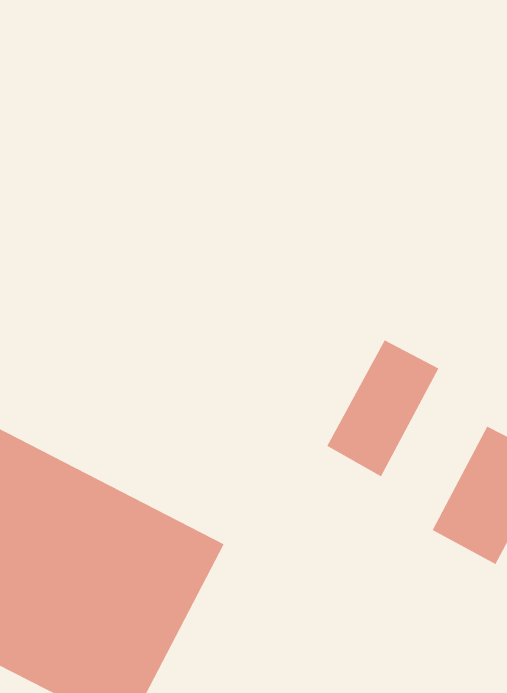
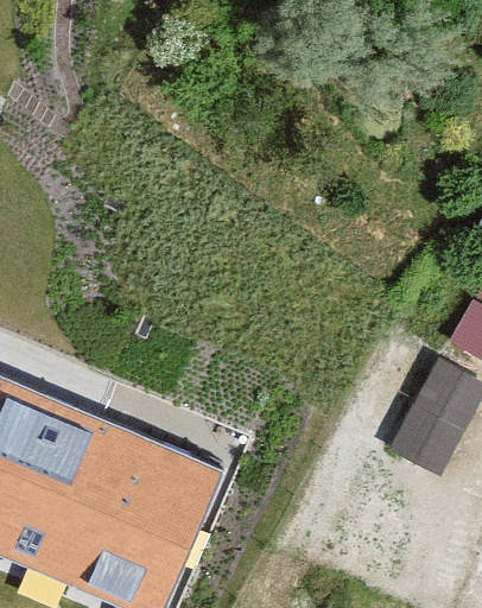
building: [327,340,439,477] -> none

